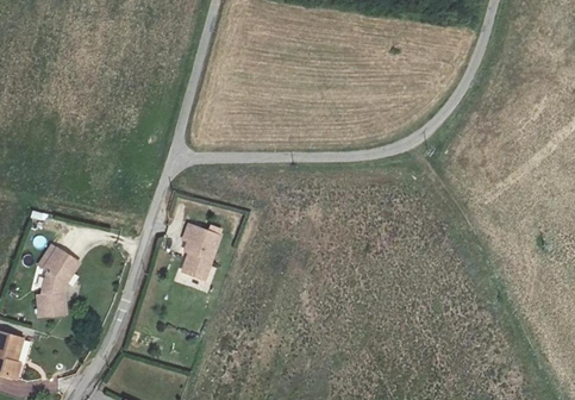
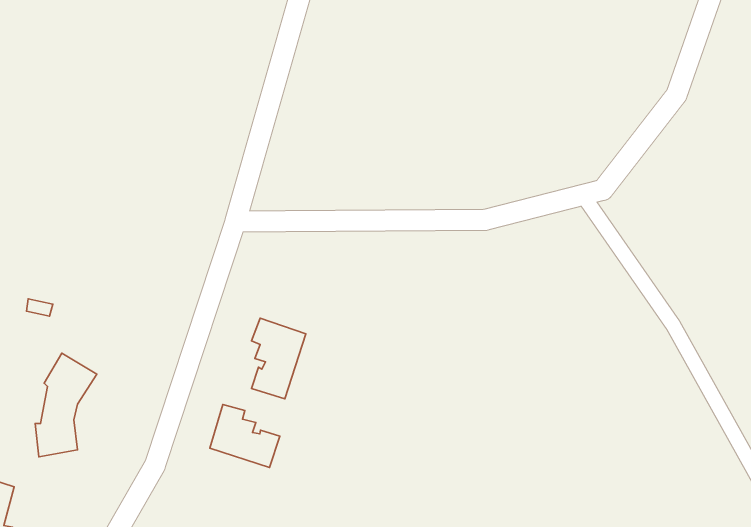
building: none -> [210,405,280,467]

